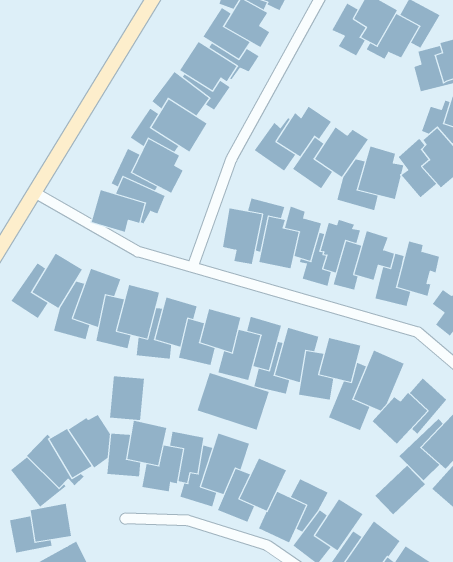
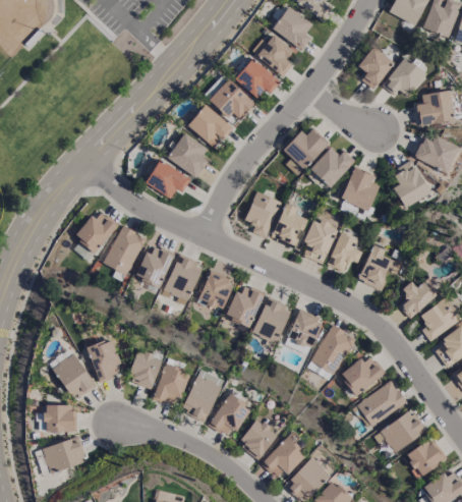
building: [197,372,270,430] -> none
building: [110,376,145,421] -> none
building: [375,465,426,515] -> none

